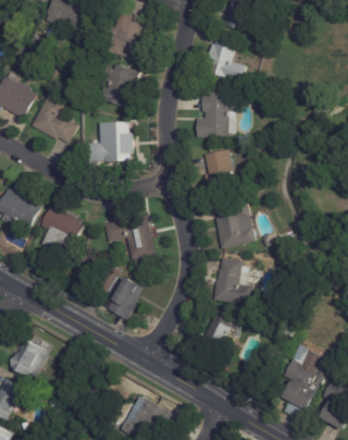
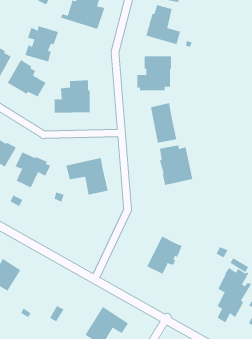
building: [97,64,138,109] -> [24,25,59,62]
building: [212,258,251,305] -> none
building: [89,265,141,320] -> none

